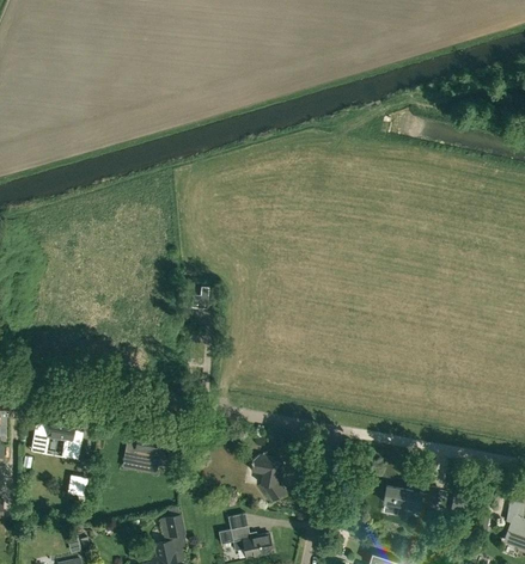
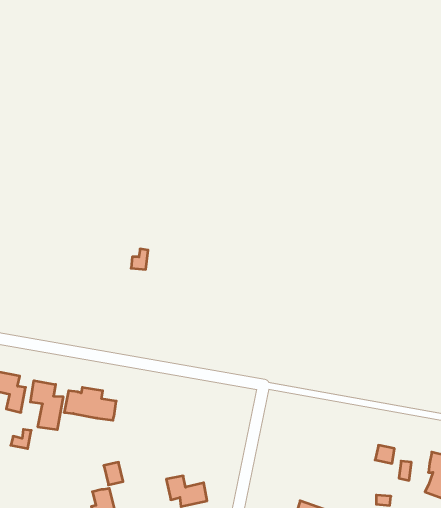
building: none -> [30,381,63,430]
building: [251,455,287,502] -> none
building: [384,488,439,510] -> none

